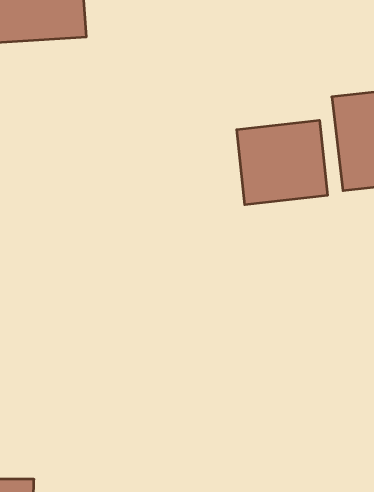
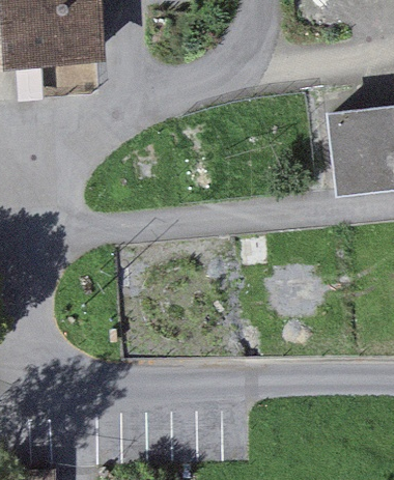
building: [237,120,327,205] -> none

